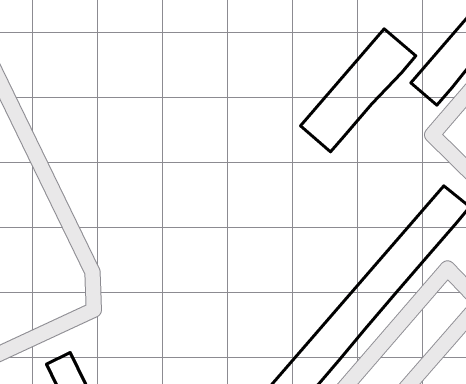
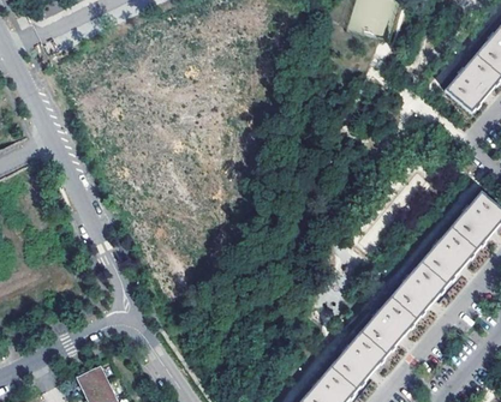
building: [300,29,416,152] -> none

